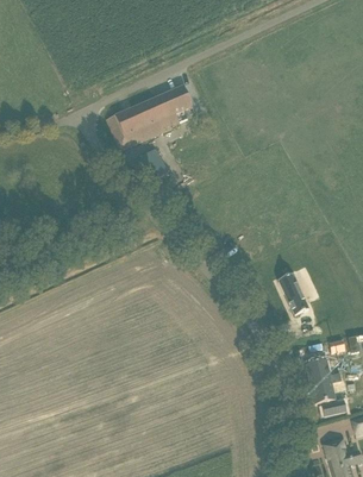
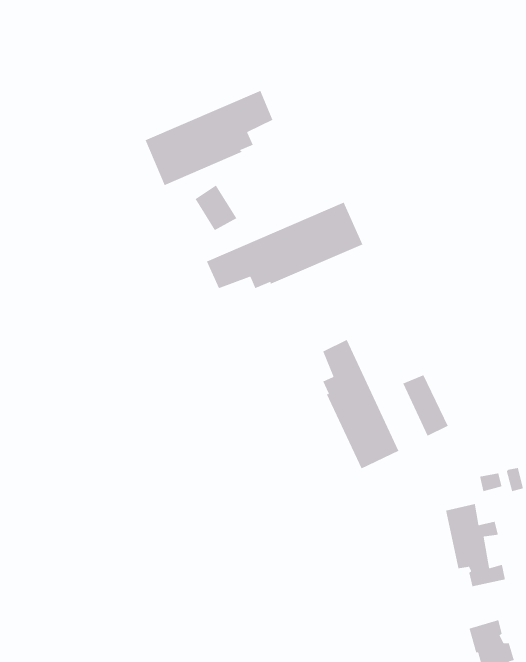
building: none -> [206,201,363,289]
building: none -> [322,339,399,470]

